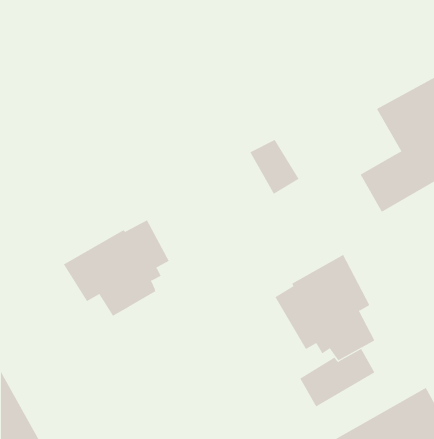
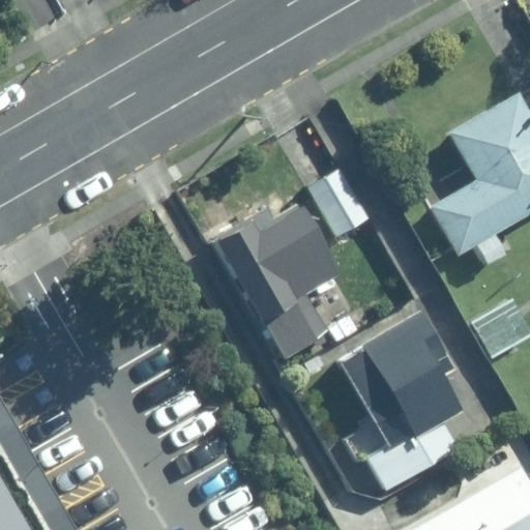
building: none -> [212,204,340,360]
building: [63,219,169,317] -> none

